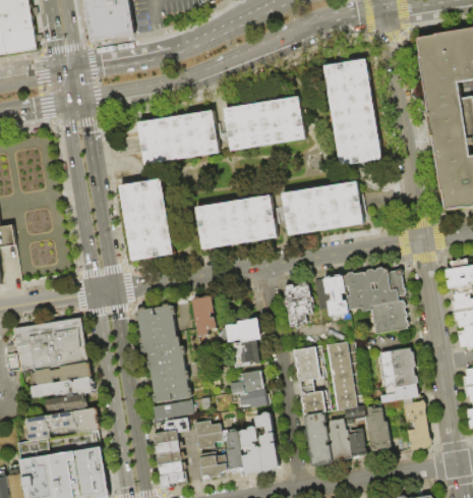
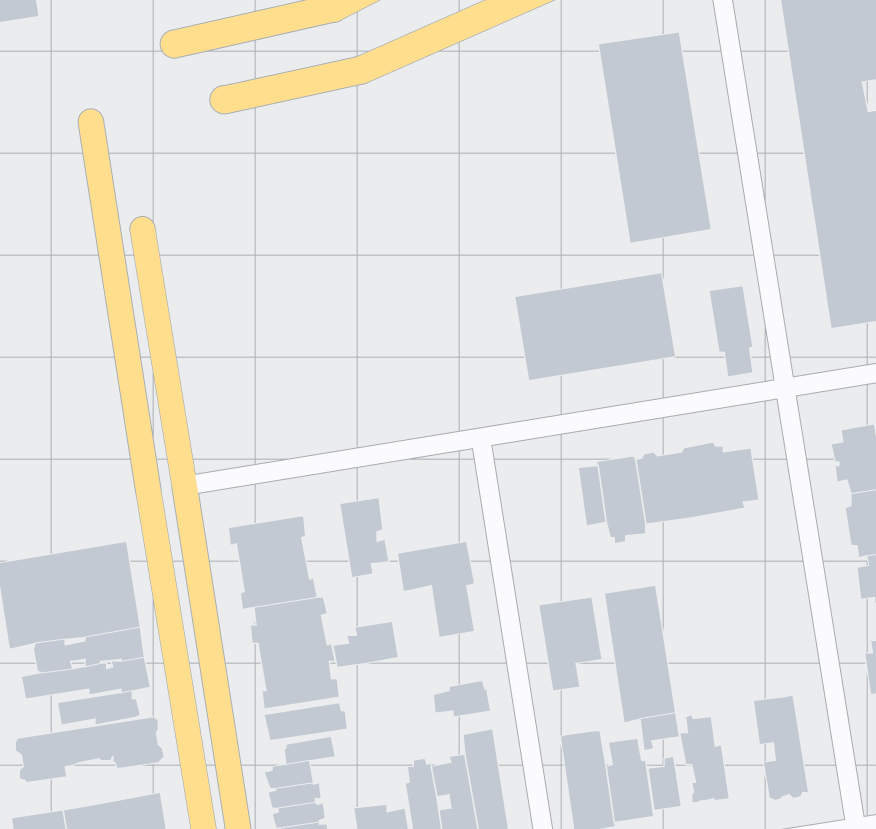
building: [222,96,306,153] -> none
building: [136,109,219,167] -> none
building: [118,177,174,261] -> none
building: none -> [709,285,753,377]
building: [193,196,276,250] -> none
building: [284,282,312,328] -> none
building: [370,300,408,334] -> none
building: [375,346,419,402] -> none
building: [230,371,263,394] -> [333,621,398,667]
building: [300,390,331,417] -> none
building: [193,421,222,449] -> none

